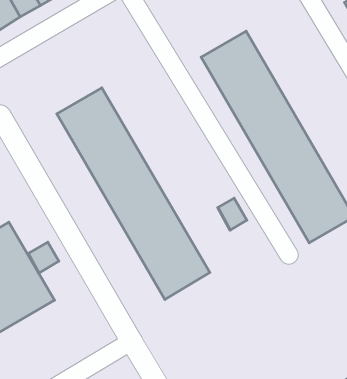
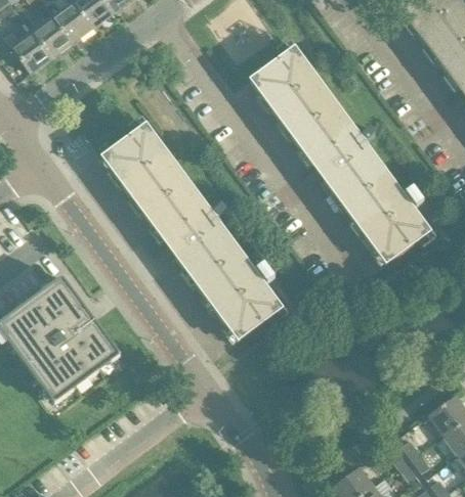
building: [218,198,247,230] -> none
building: [28,242,59,273] -> none

